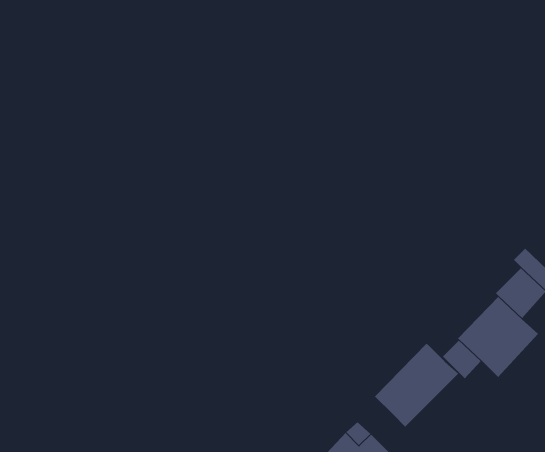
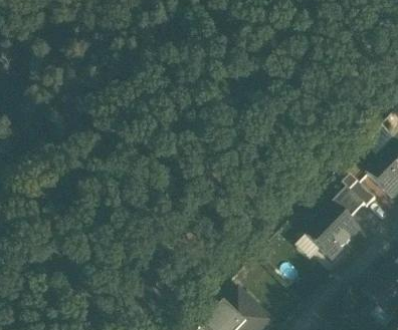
building: [374,343,459,428] -> none

